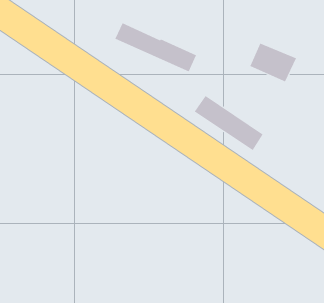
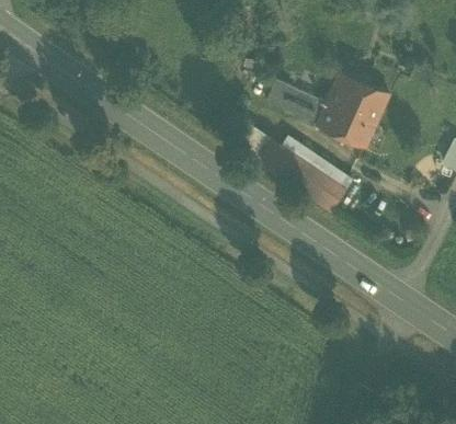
building: [114,23,197,72] -> [270,83,375,147]

